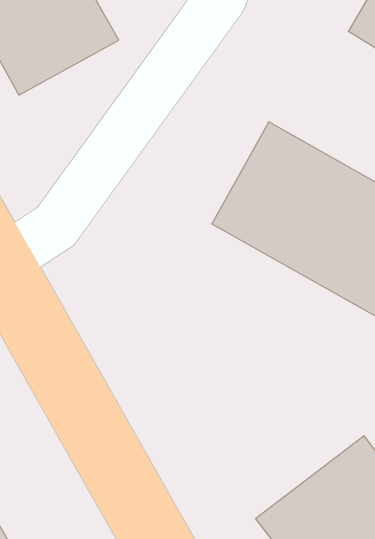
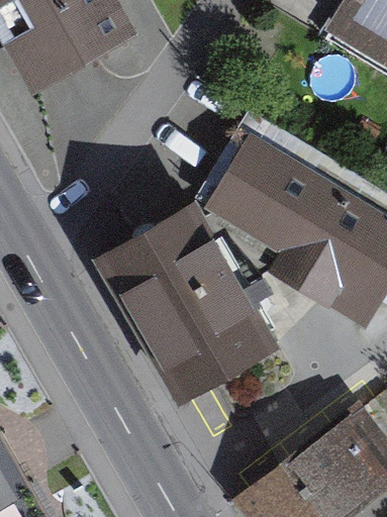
building: none -> [122,203,270,382]

